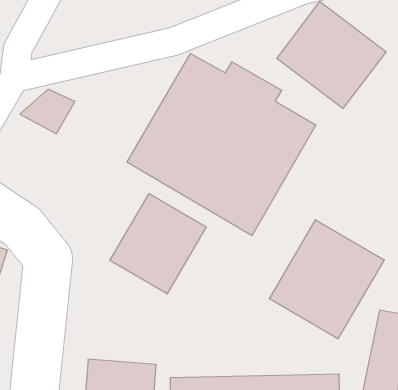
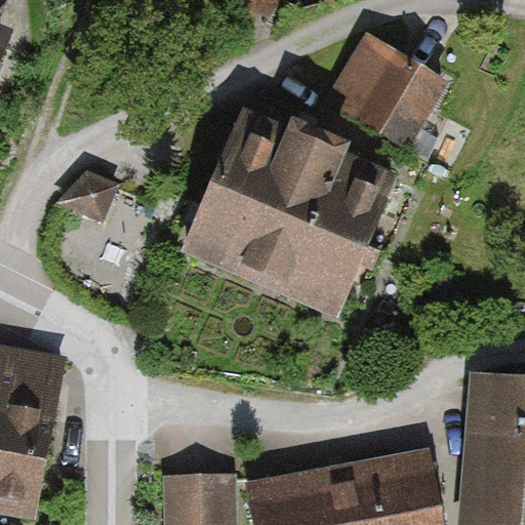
building: [110,194,206,294] -> none
building: [269,220,384,339] -> none

